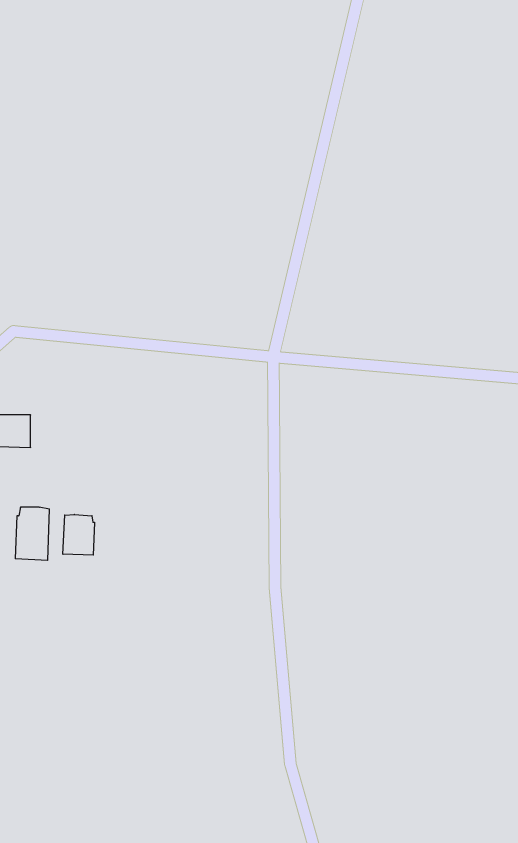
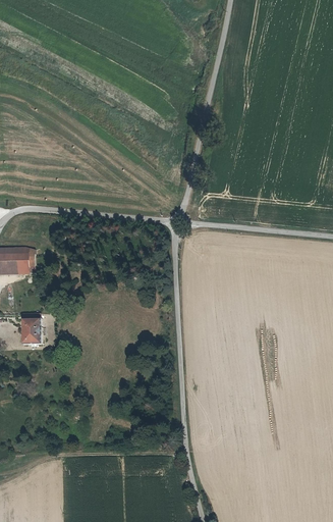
building: [63,514,95,555] -> none

